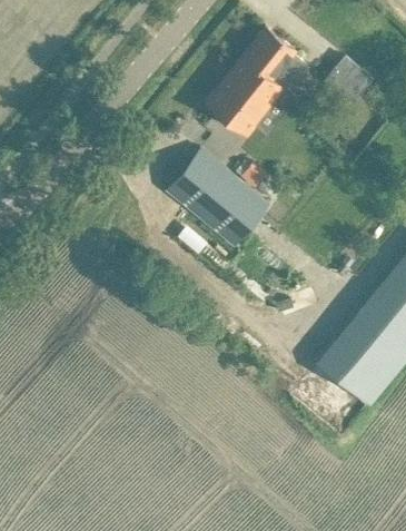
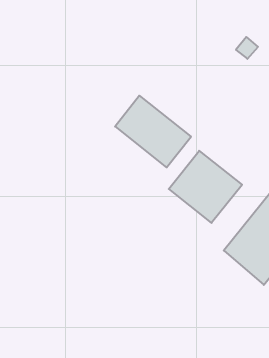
building: [206,29,307,137] -> none
building: none -> [169,151,242,223]

